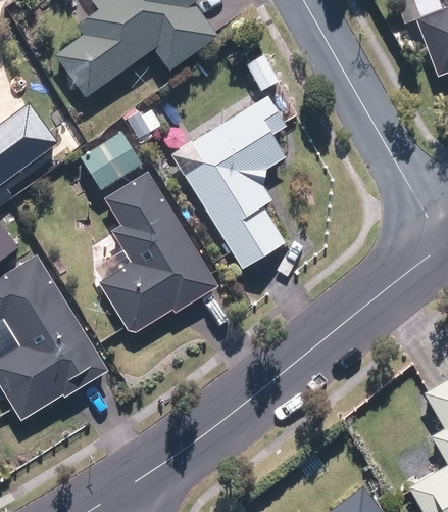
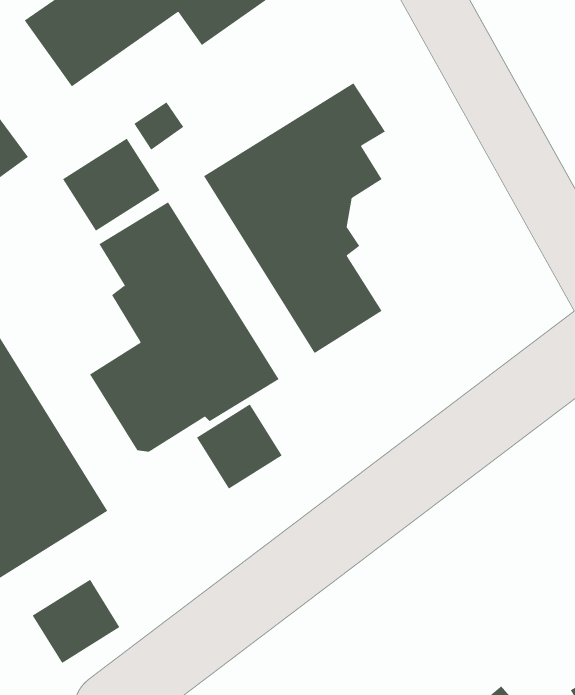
building: none -> [196,403,283,490]
building: none -> [32,579,120,664]

